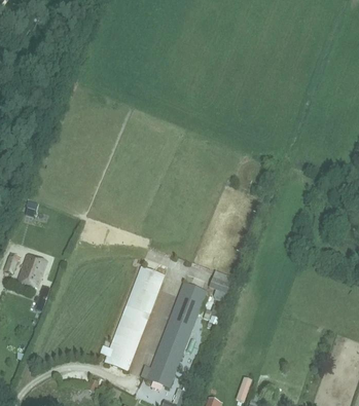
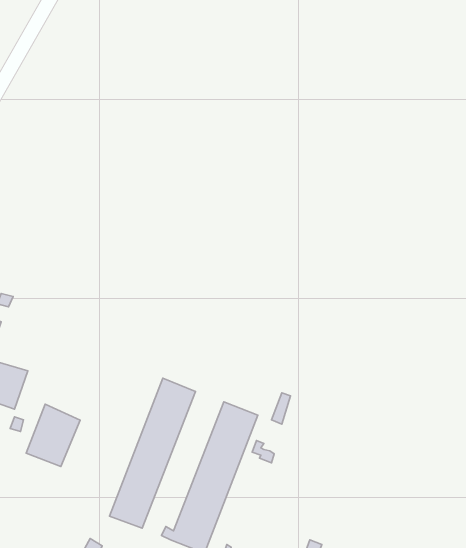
building: none -> [26,404,80,466]

